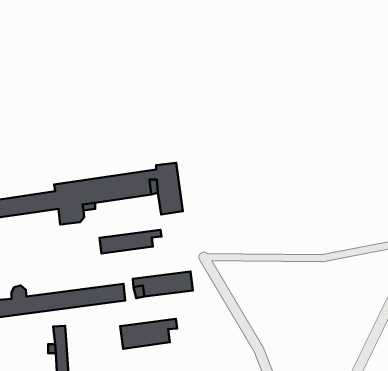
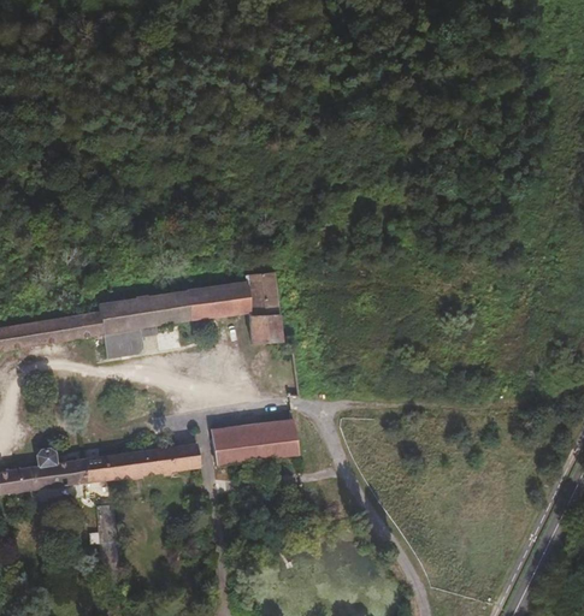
building: [99,230,162,254] -> none
building: [120,319,177,349] -> none

